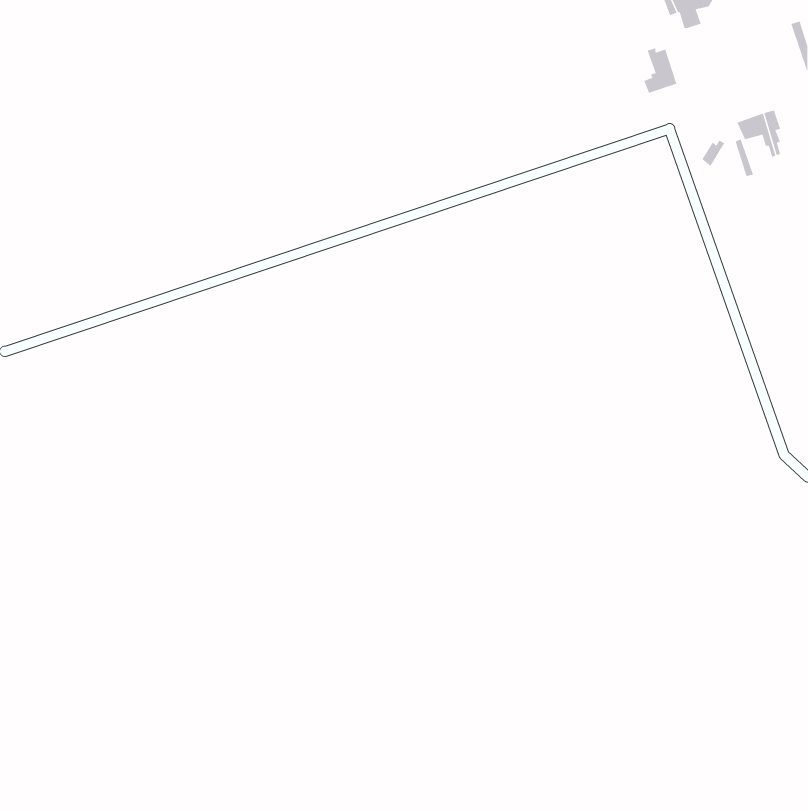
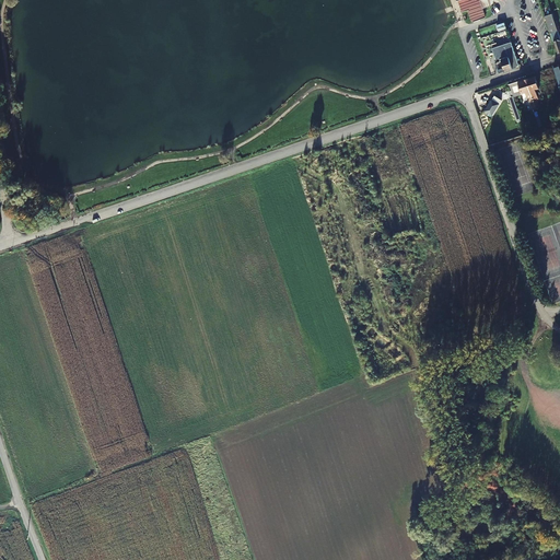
building: [644,47,677,93] -> [494,39,517,71]

